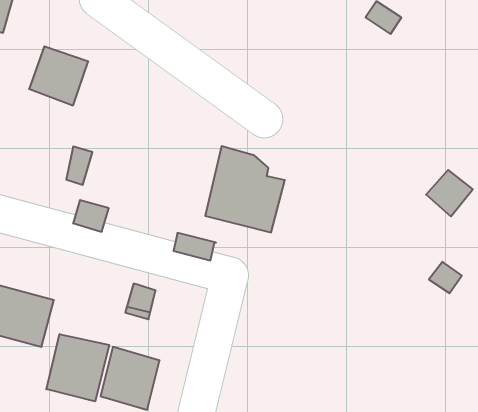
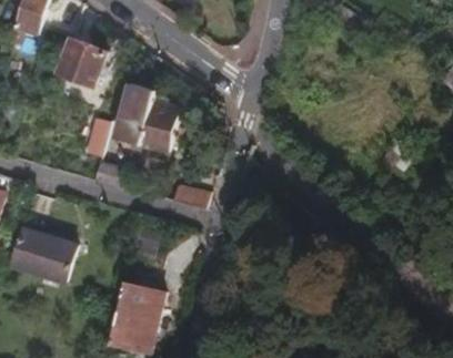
building: [205,146,285,232] -> [114,84,179,154]
building: [46,334,109,401] -> none

